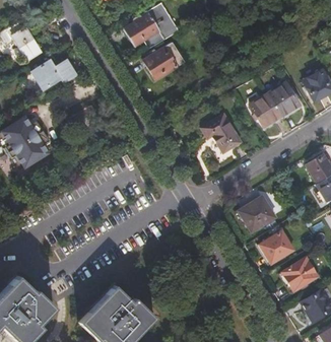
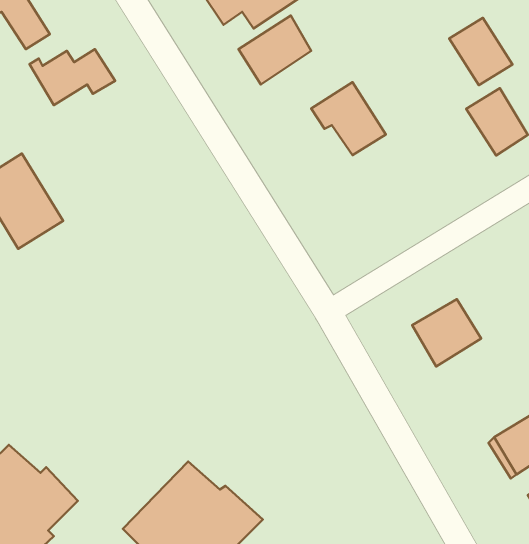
building: [249,92,283,129] -> [449,18,513,85]
building: [201,114,242,153] -> [311,82,386,155]
building: [260,231,293,264] -> none

